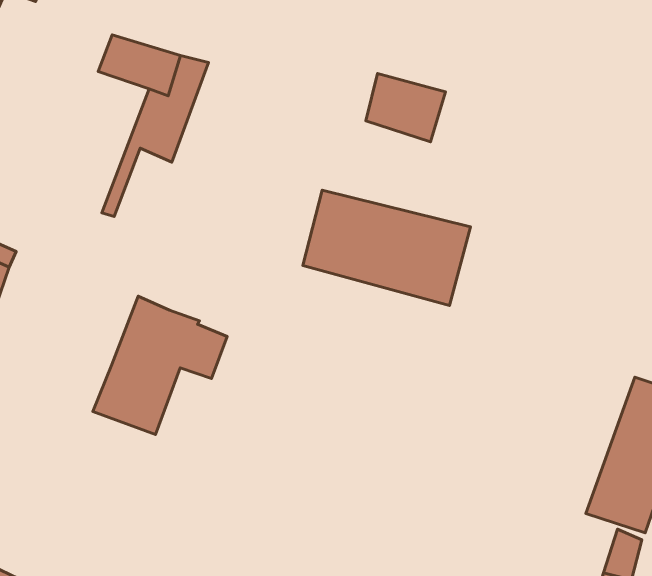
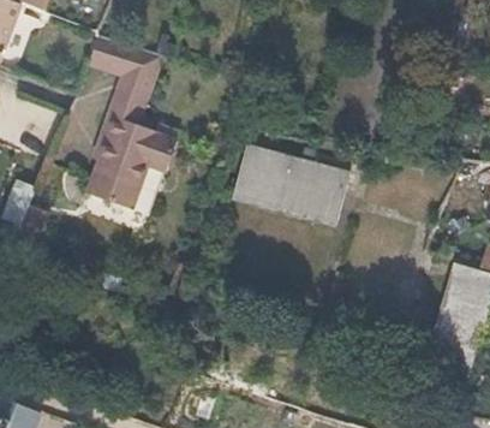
building: [366,74,446,142] -> none
building: [93,296,227,434] -> [86,114,179,209]

